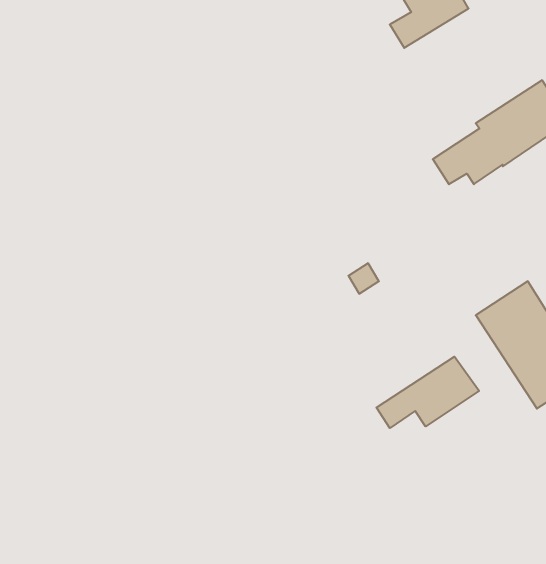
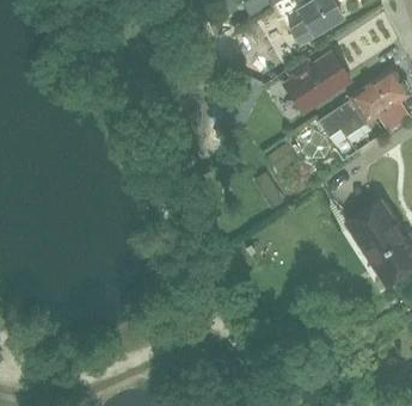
building: none -> [279,55,349,112]
building: [376,357,479,428] -> none

